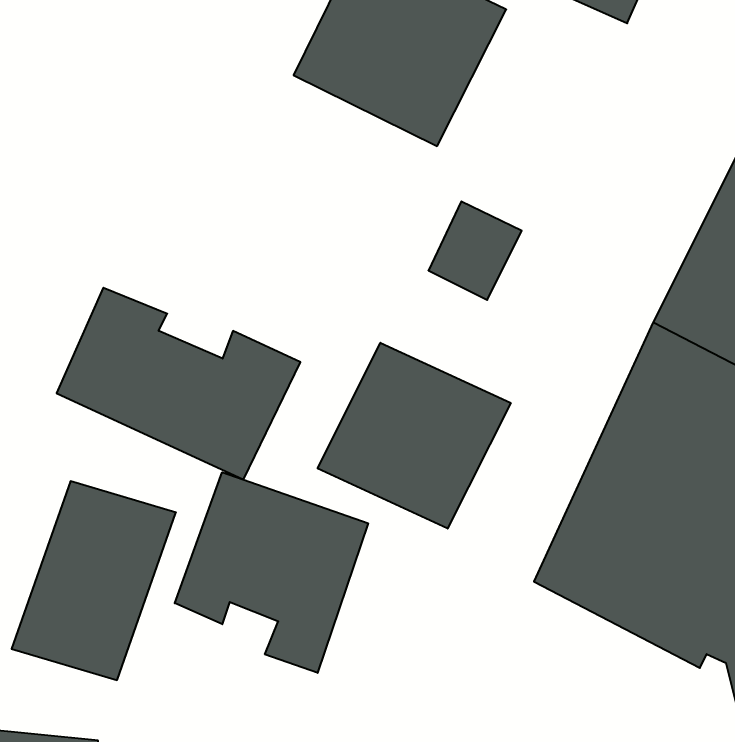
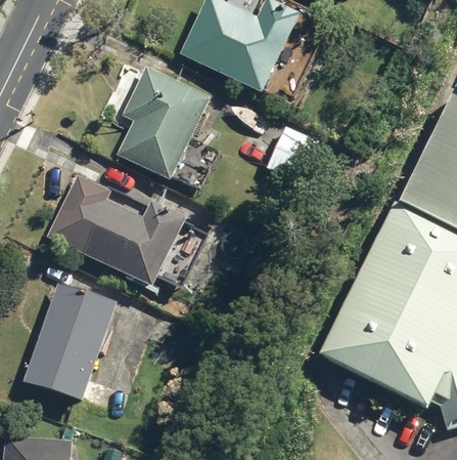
building: none -> [119,59,218,177]
building: [318,343,511,529] -> none
building: [175,472,368,673] -> none

